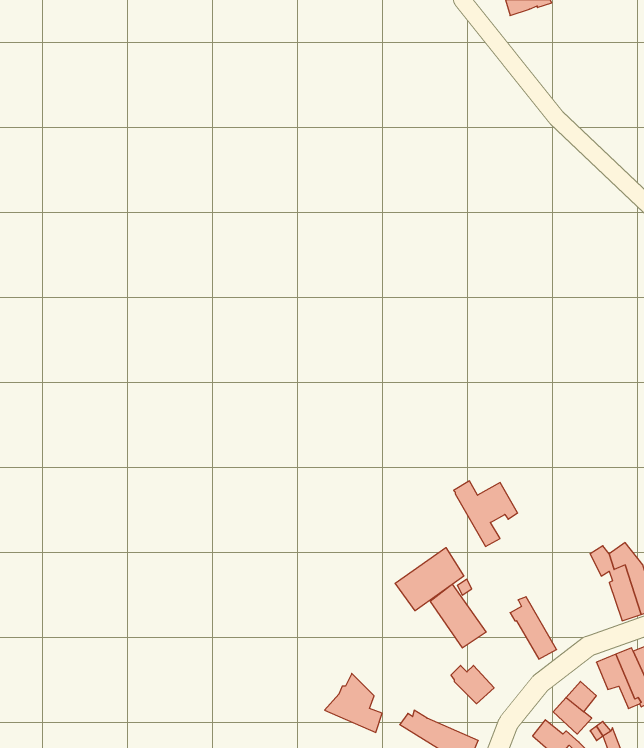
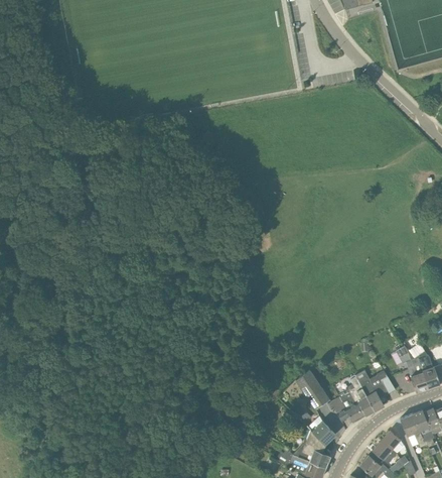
building: [454,481,518,546] -> [355,369,396,410]
building: [395,548,464,611] -> none
building: none -> [331,392,364,423]
building: [325,673,382,732] -> [294,431,330,468]

